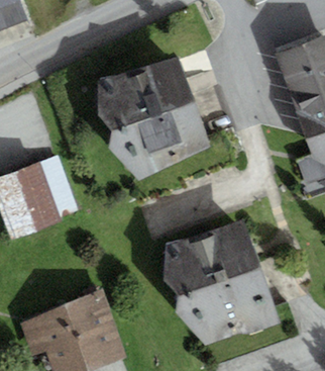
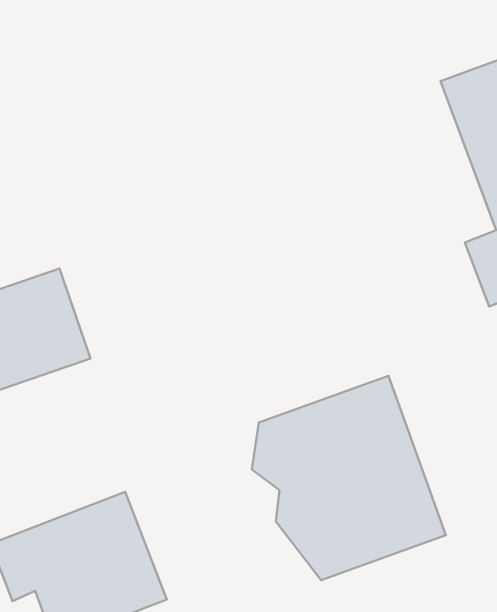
building: [100,60,212,177] -> none

